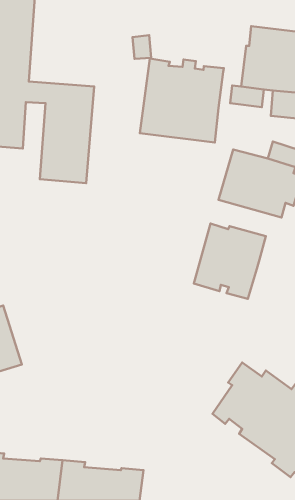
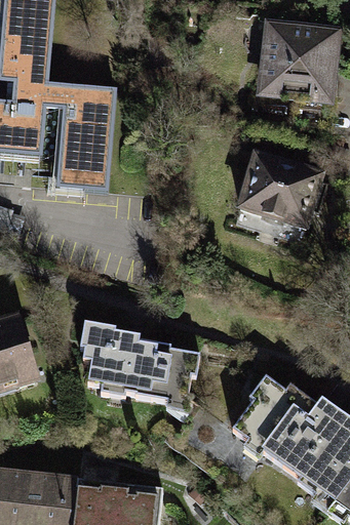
building: [140,59,224,142] -> none
building: [194,224,266,299] -> none
building: none -> [83,324,204,402]

